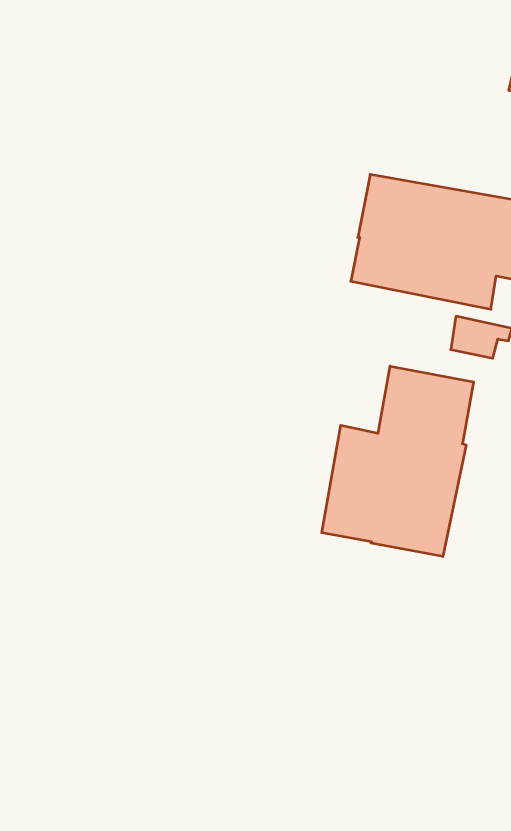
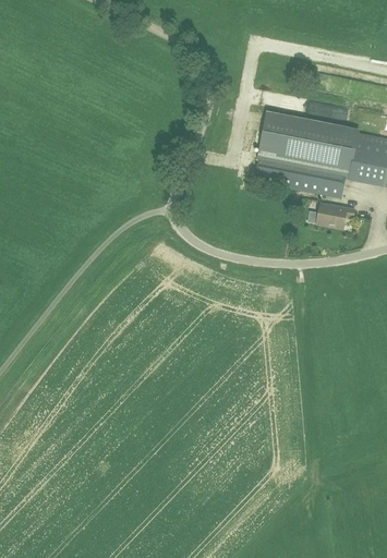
building: [322,366,474,557] -> none

